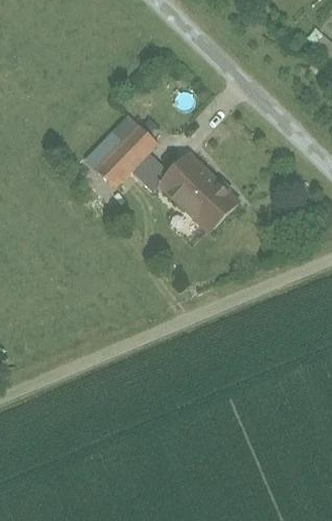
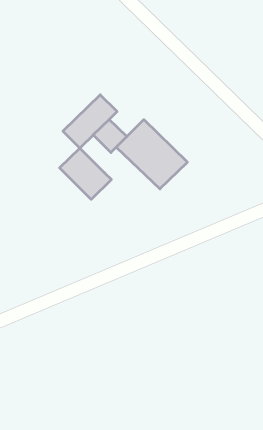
building: none -> [60,148,111,199]

